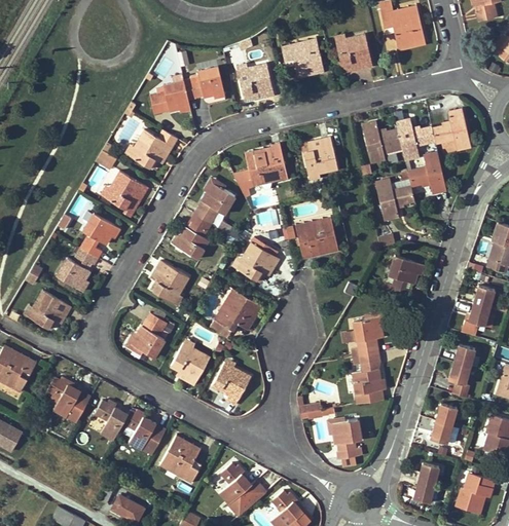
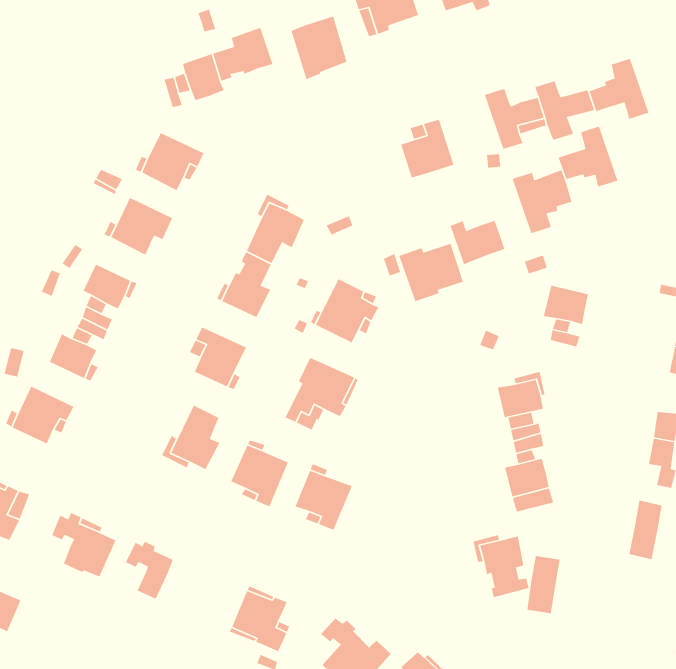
building: [246,146,288,190] -> none
building: none -> [450,220,506,265]
building: [123,409,155,449] -> none
building: [412,462,438,502] -> [526,555,560,614]

